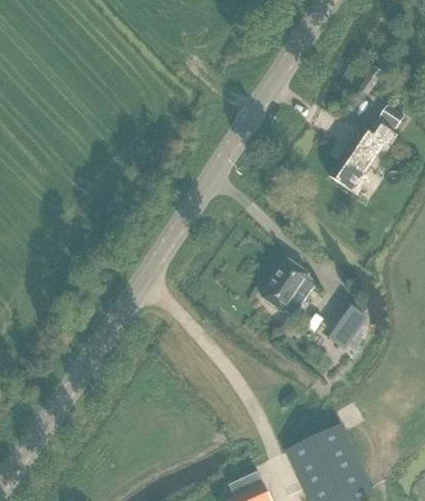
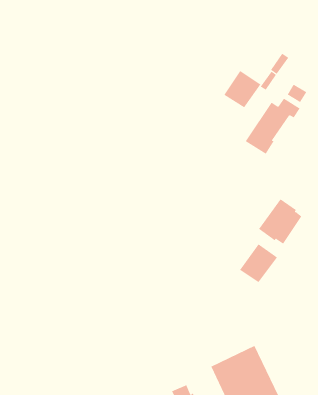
building: none -> [223,70,261,108]
building: [262,261,316,317] -> [258,199,302,244]

